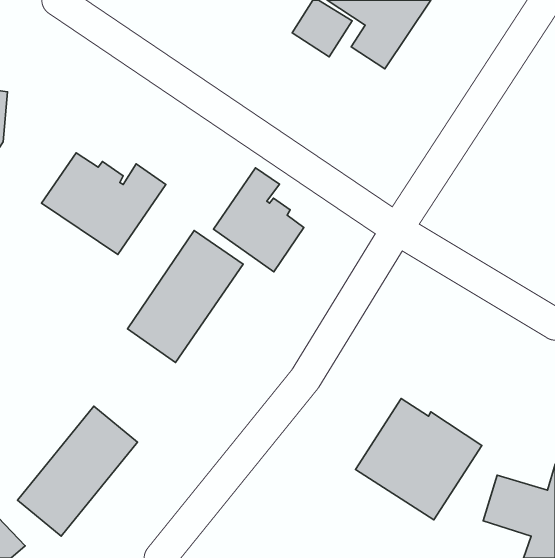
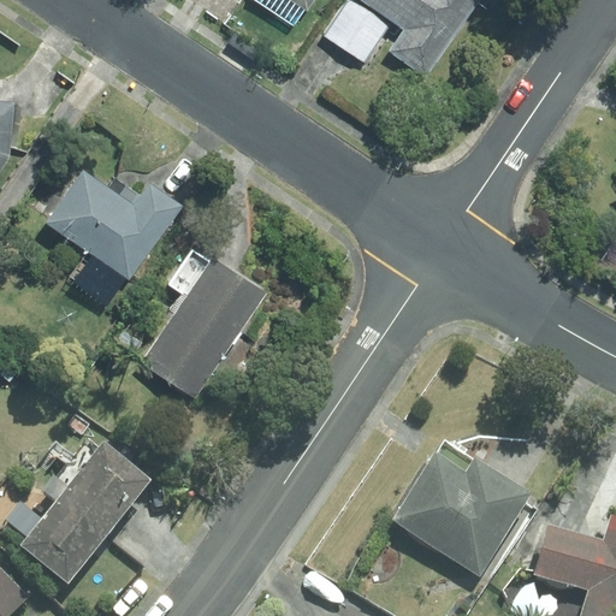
building: [214,168,304,272] -> none

